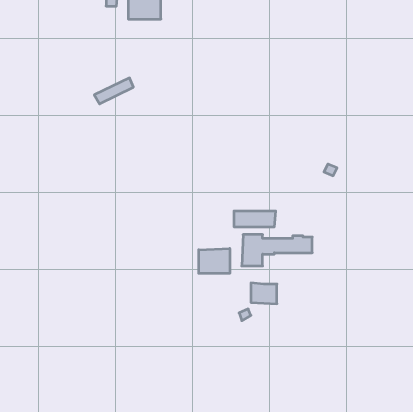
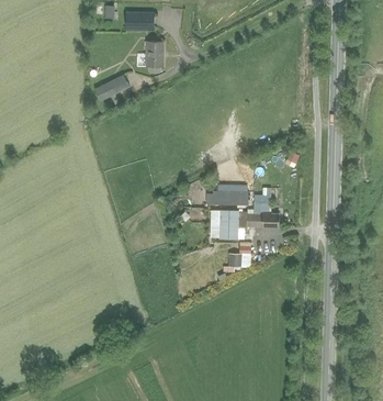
building: none -> [146,43,164,71]
building: [199,248,230,273] -> none

